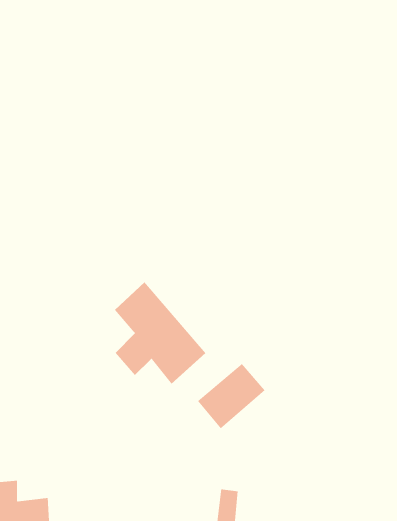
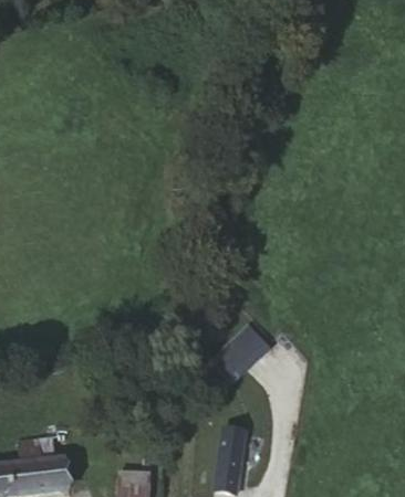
building: [114,281,206,385] -> none

